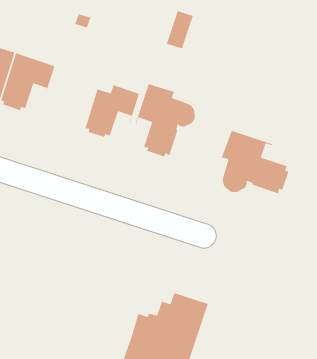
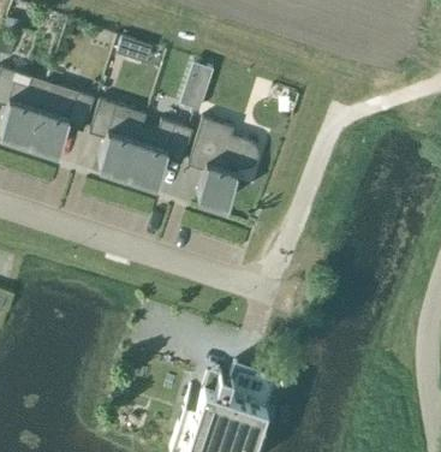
building: [166,10,194,49] -> [179,66,211,112]
building: none -> [88,103,145,176]
building: [221,130,289,194] -> none

